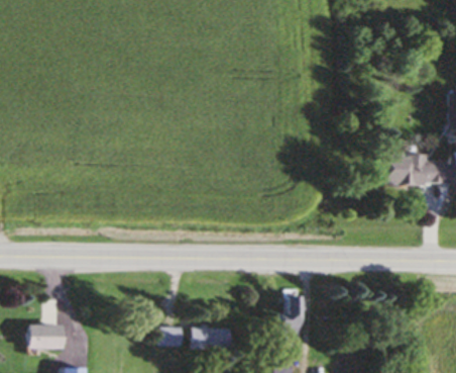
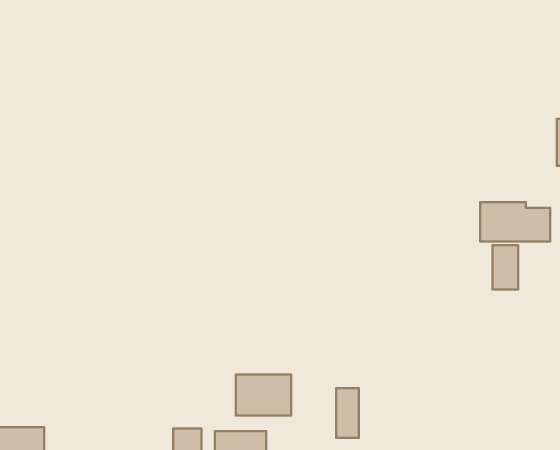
building: none -> [493,245,518,290]
building: none -> [236,375,291,416]

